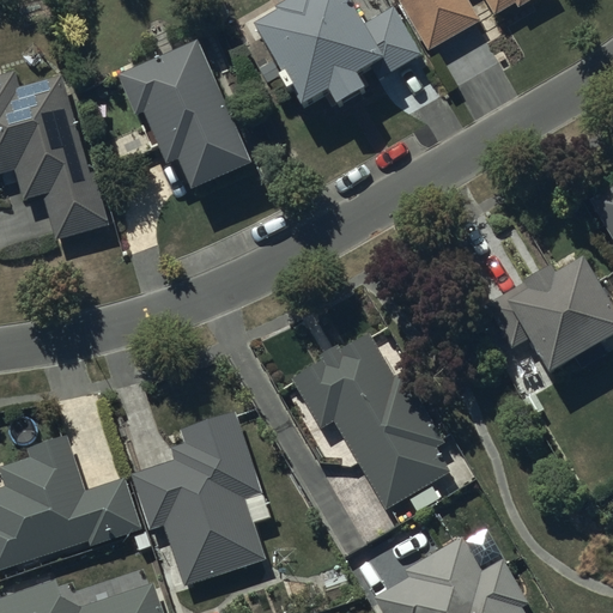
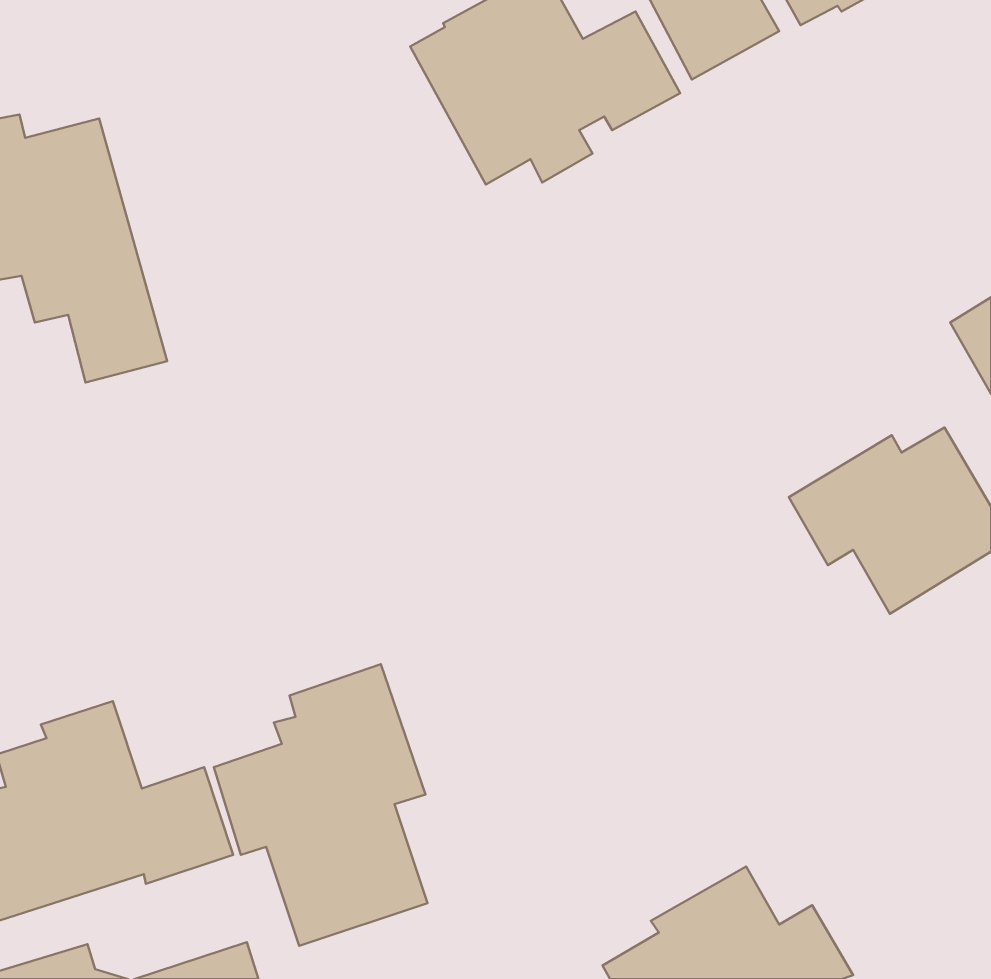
building: [116,45,251,194] -> none
building: [293,333,454,510] -> none

